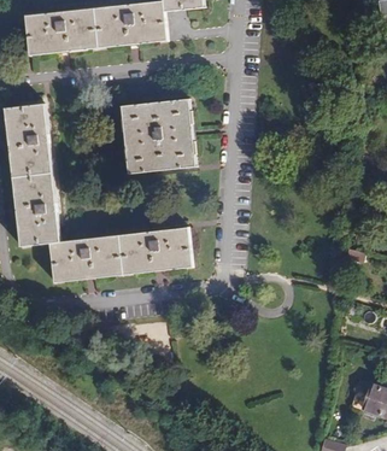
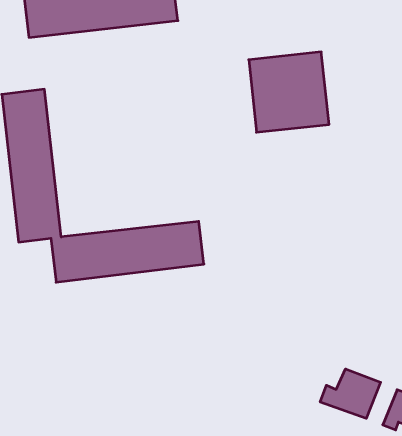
building: [121,99,195,174] -> [249,52,329,132]
building: none -> [320,369,381,418]

